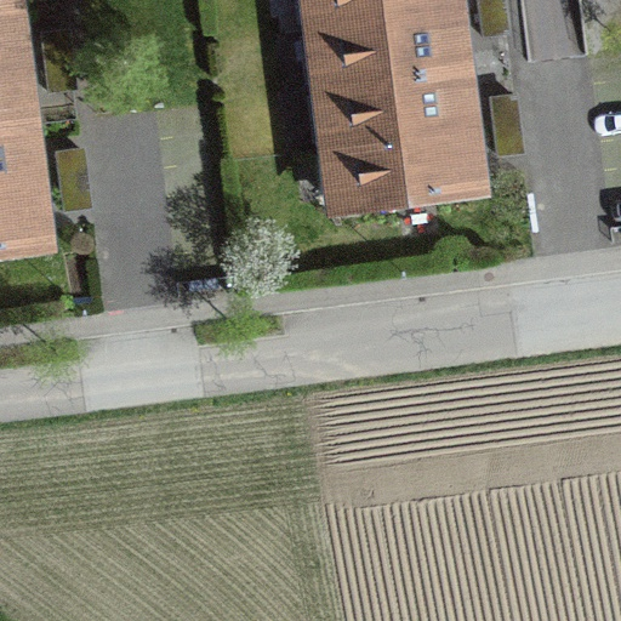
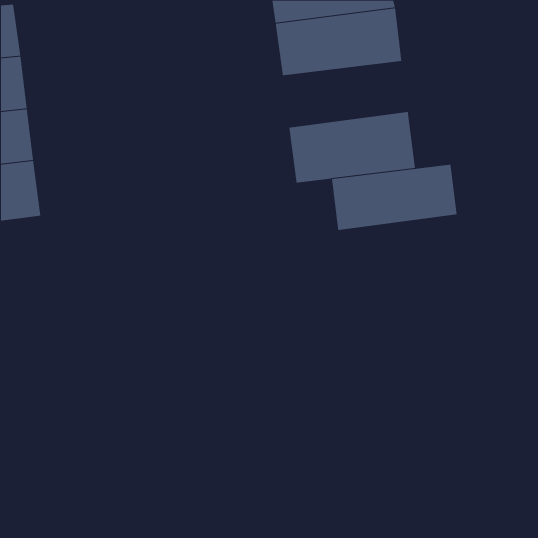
building: [325,70,471,147] -> [331,164,458,230]

